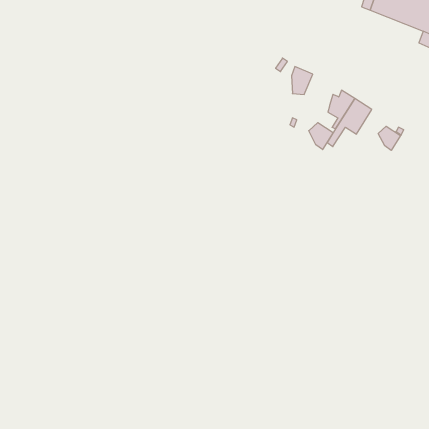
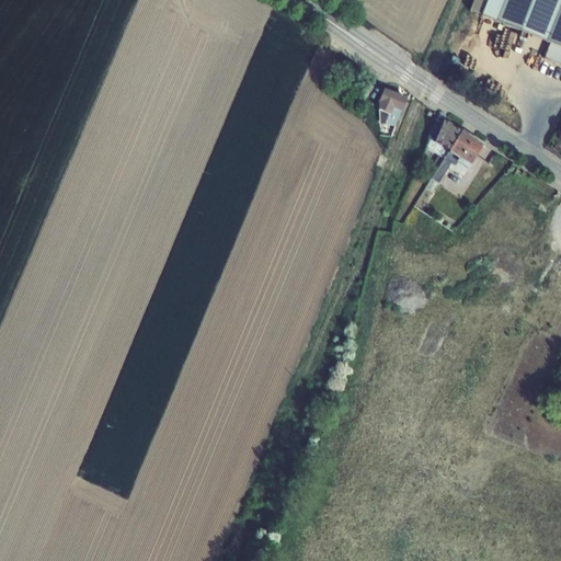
building: [309,123,333,150] -> none
building: [378,126,400,150] -> none

